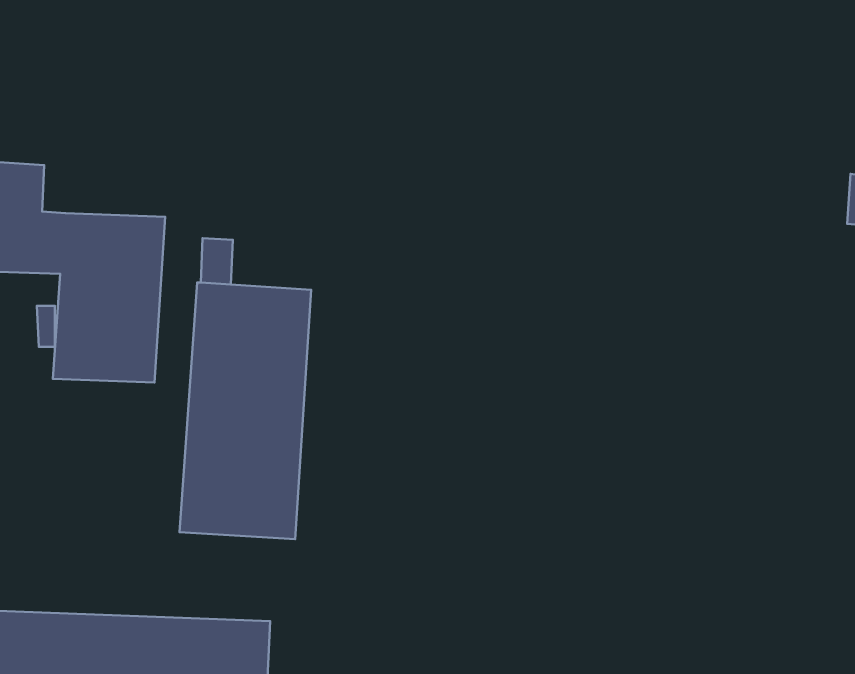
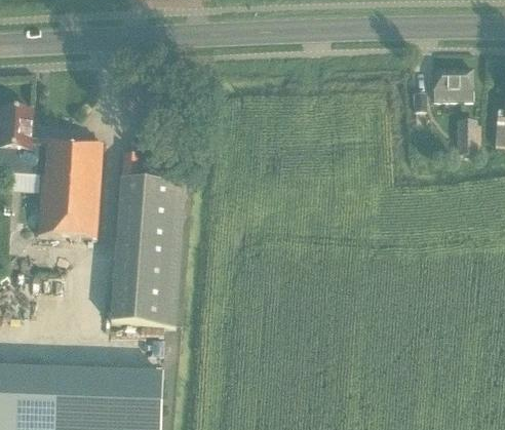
building: none -> [434,69,474,100]
building: none -> [458,120,477,156]

